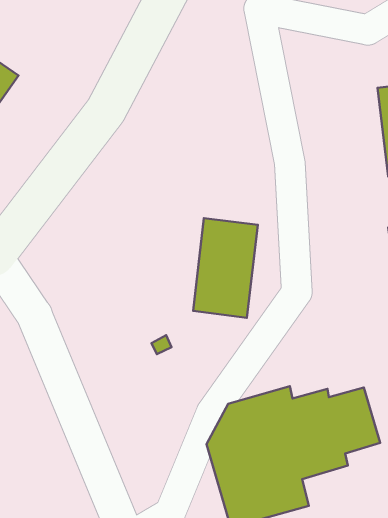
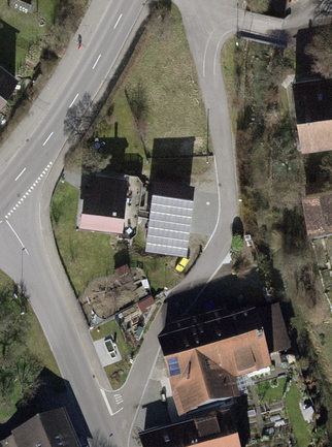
building: none -> [79,175,127,231]

